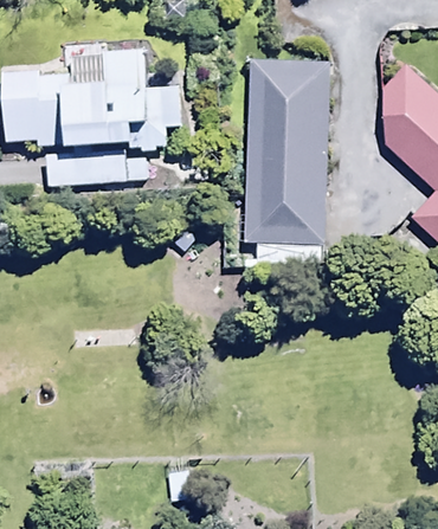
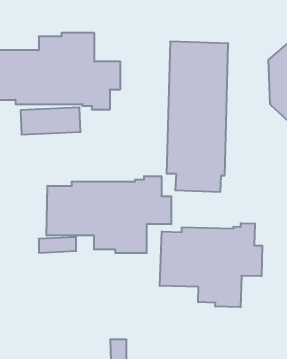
building: none -> [47,176,171,253]
building: none -> [160,223,262,307]

